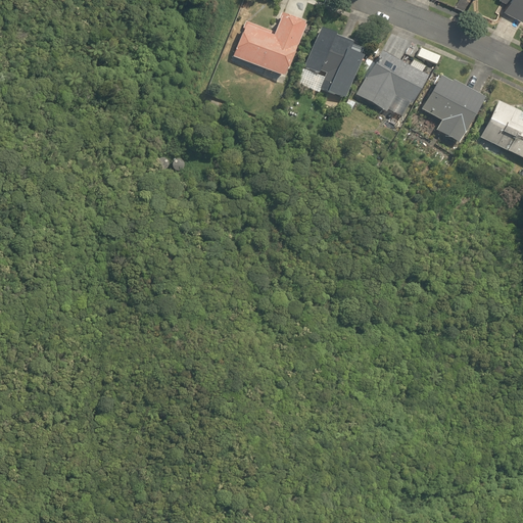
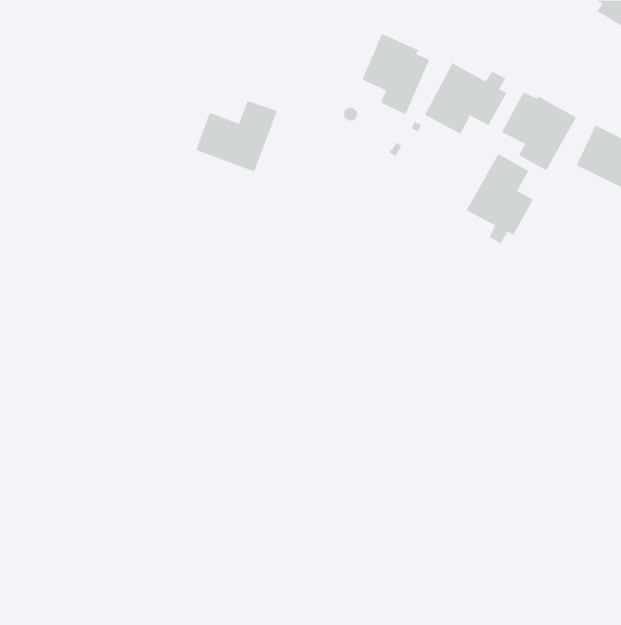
building: [236,13,304,74] -> [196,100,278,172]
building: none -> [466,153,533,244]

